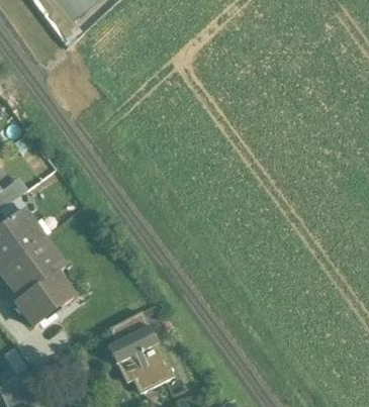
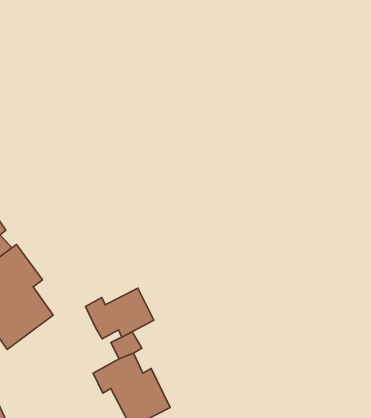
building: none -> [86,288,154,339]

